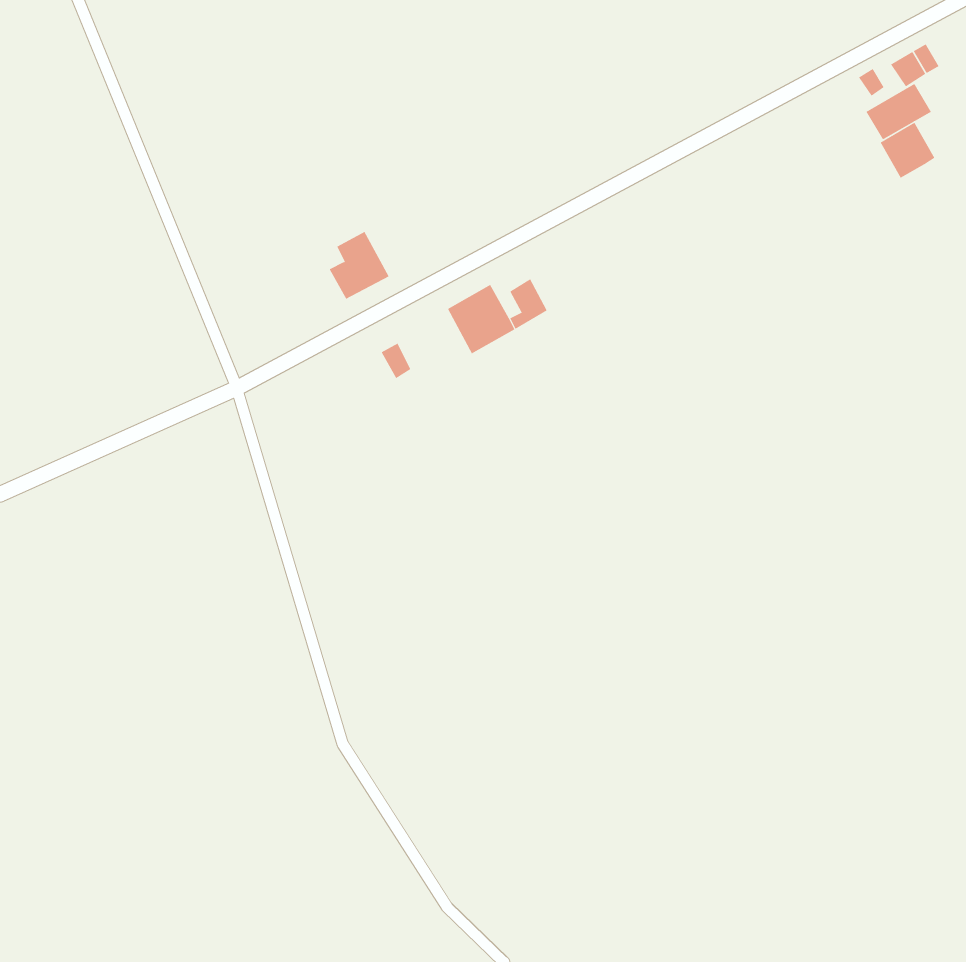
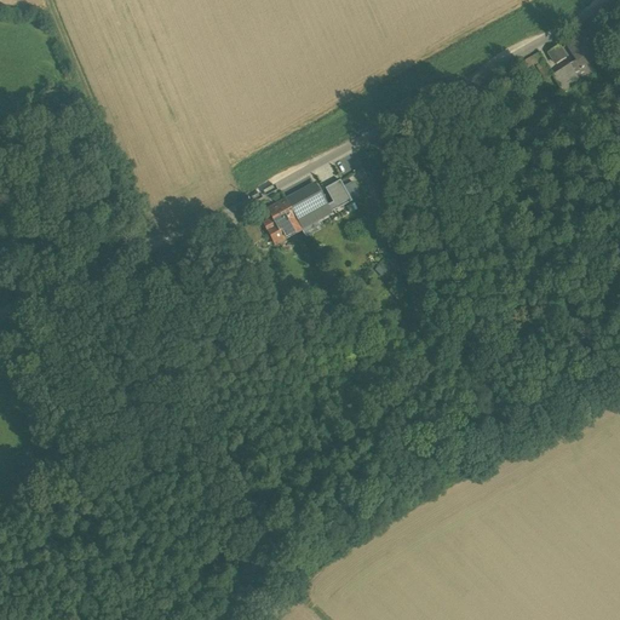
building: [880,122,935,179] -> none
building: [329,231,389,299] -> [264,197,303,241]

